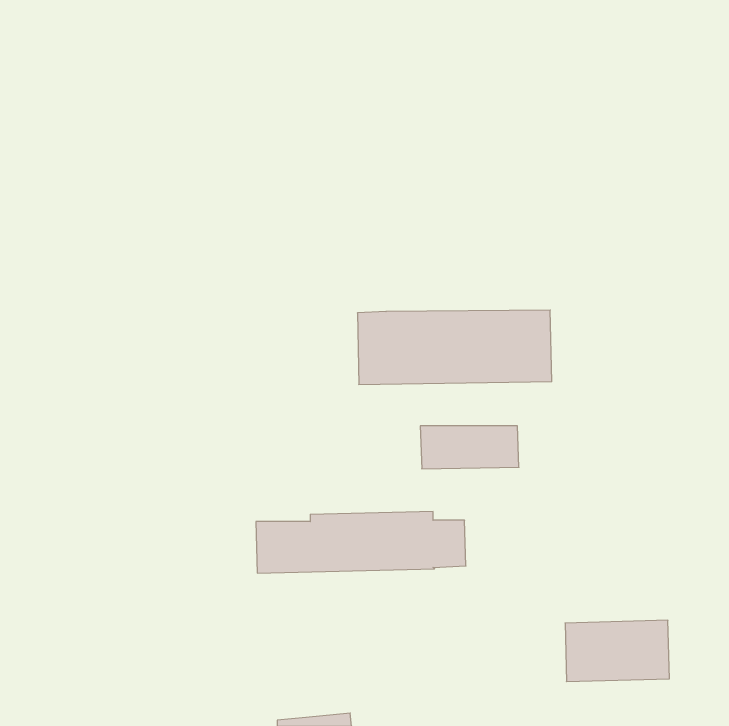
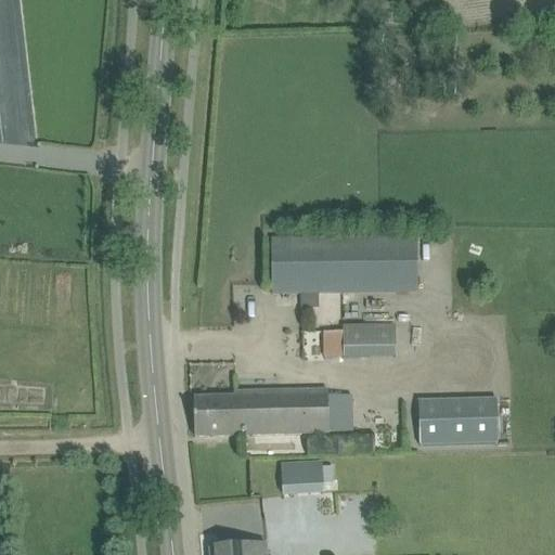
building: none -> [278,460,321,491]
building: [565,620,669,682] -> [420,397,499,443]

